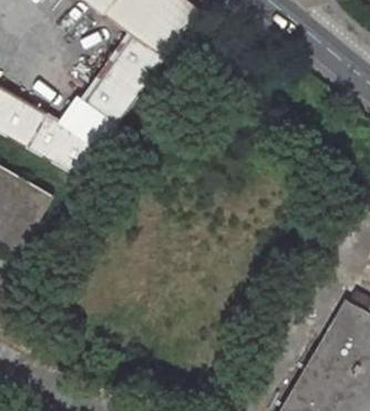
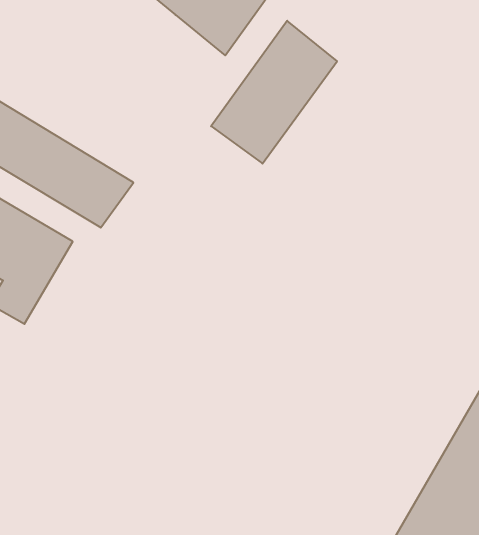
building: [73,34,163,136] -> [211,21,337,164]

